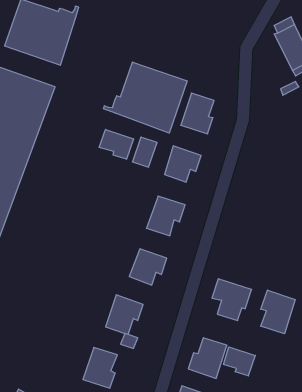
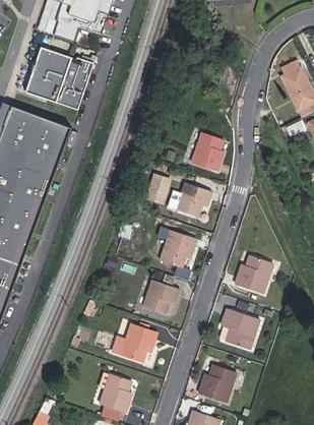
building: [103,62,187,133] -> none
building: [99,129,134,159] -> none
building: none -> [235,256,271,294]
building: [261,290,295,334] -> none
building: [223,347,255,376] -> none

